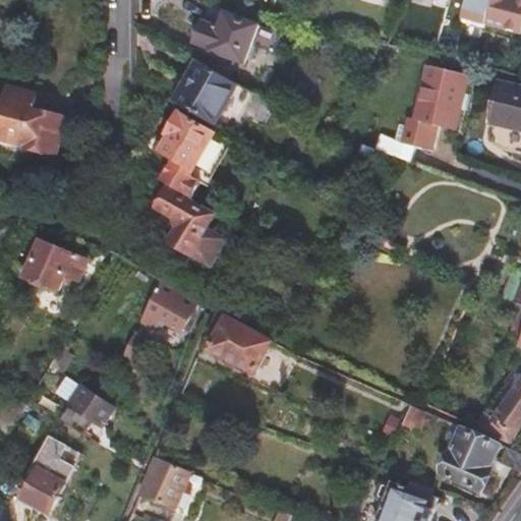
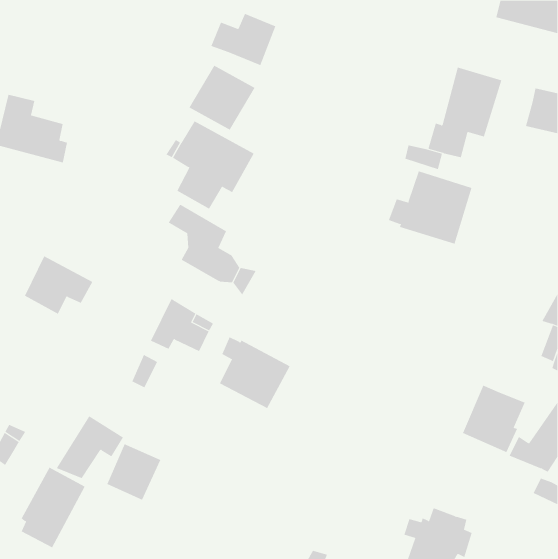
building: none -> [388,170,472,245]
building: [437,425,496,488] -> [462,385,526,453]
building: [138,454,189,507] -> [106,443,161,500]

